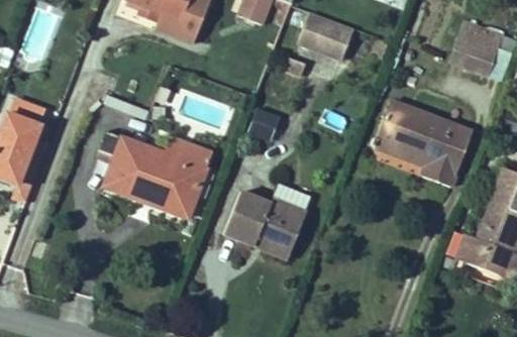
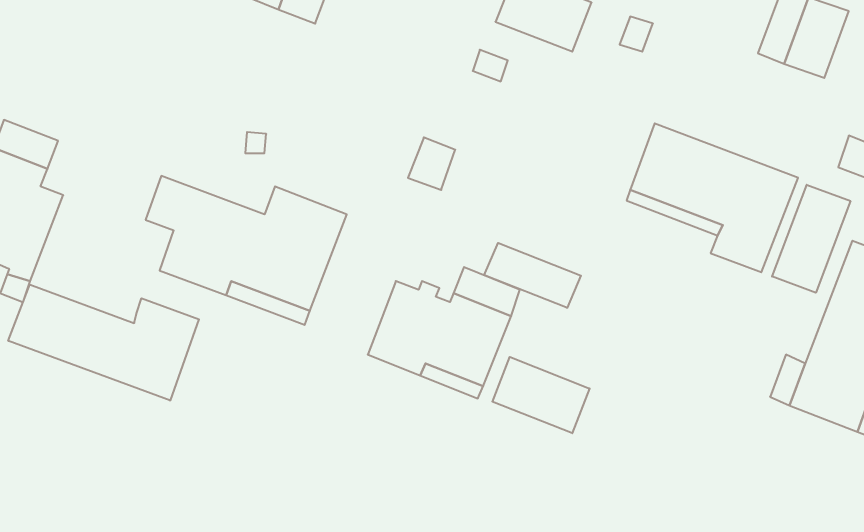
building: none -> [772,185,850,293]
building: none -> [484,243,581,308]
building: none -> [8,285,199,401]
building: none -> [492,357,590,433]

